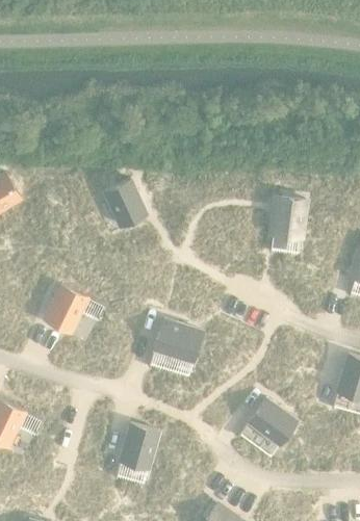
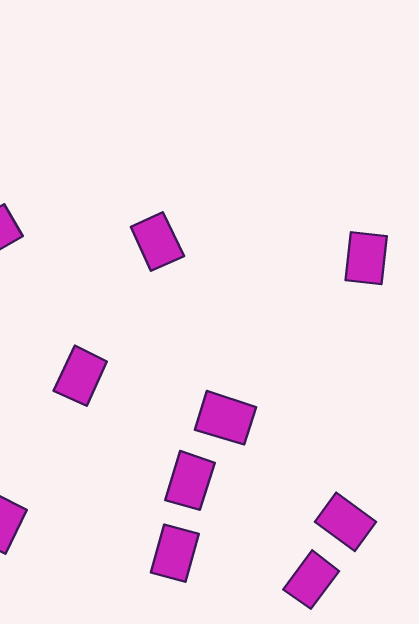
building: none -> [165,451,215,510]
building: none -> [283,550,339,609]

